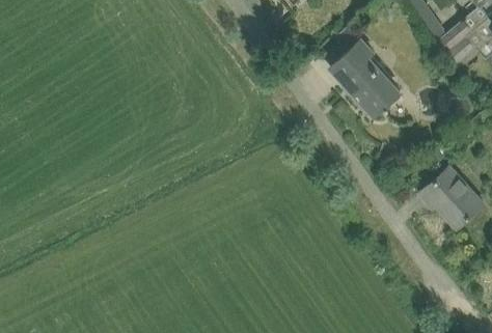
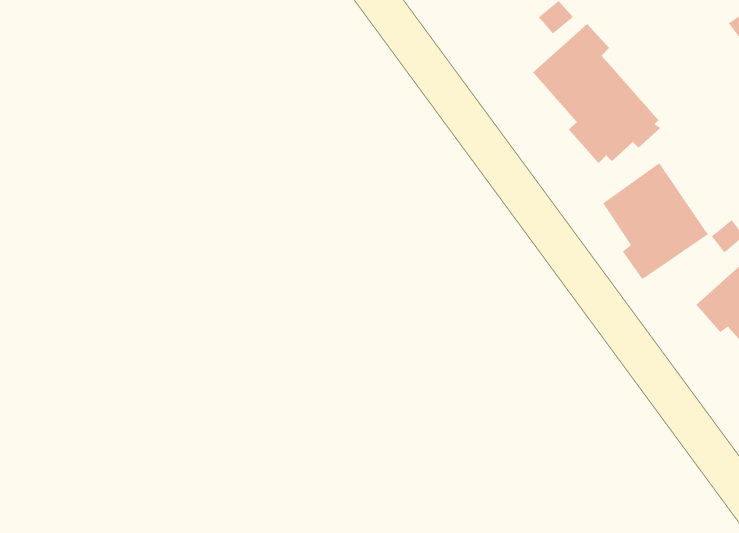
building: none -> [602,162,709,280]

